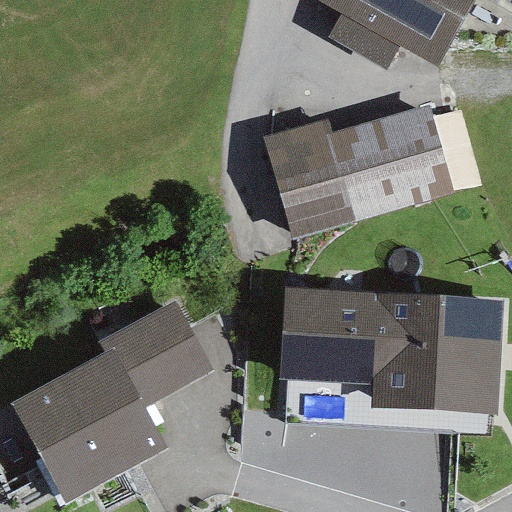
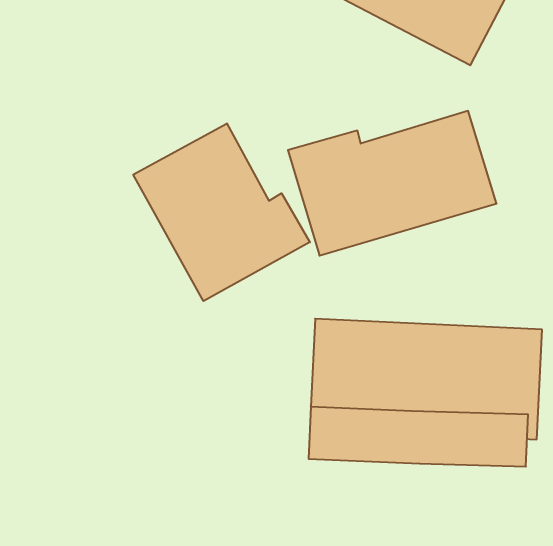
building: none -> [133,123,310,301]
building: [13,298,213,498] -> none

